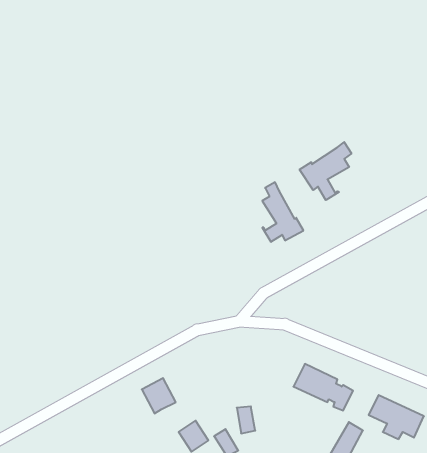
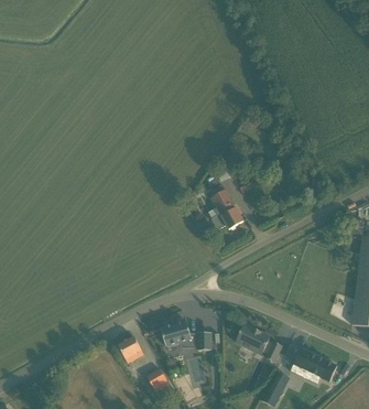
building: [300,142,351,200] -> none
building: none -> [161,320,211,349]

